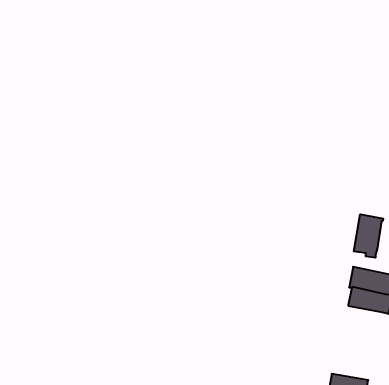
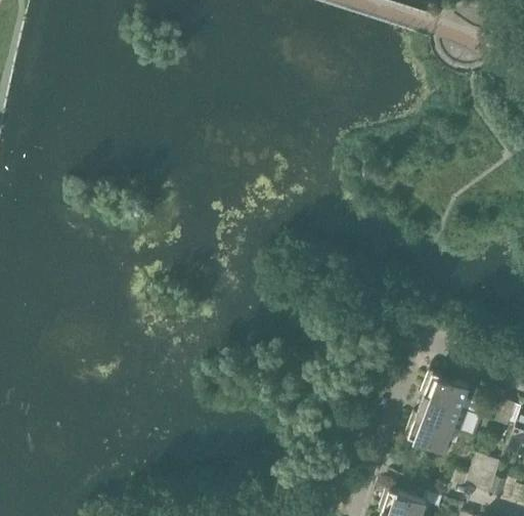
building: [354,214,383,258] -> none
building: none -> [406,414,455,451]

